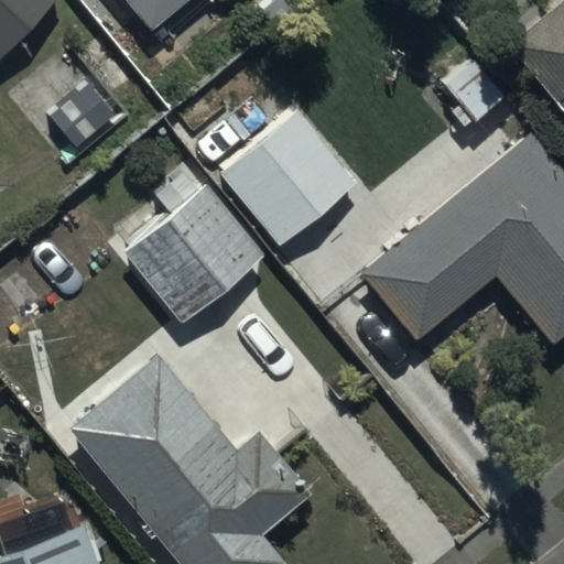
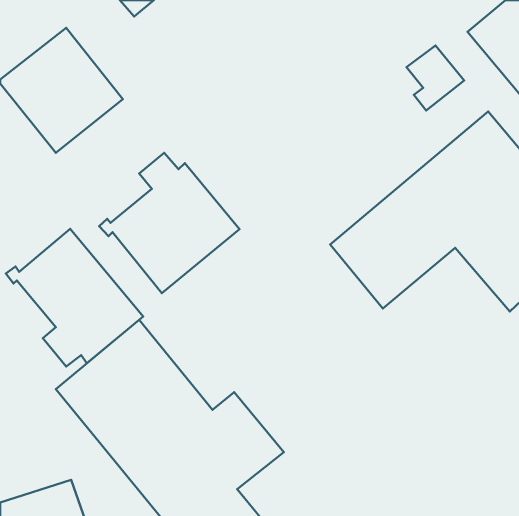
building: [223,113,356,246] -> none
building: none -> [6,229,143,367]

